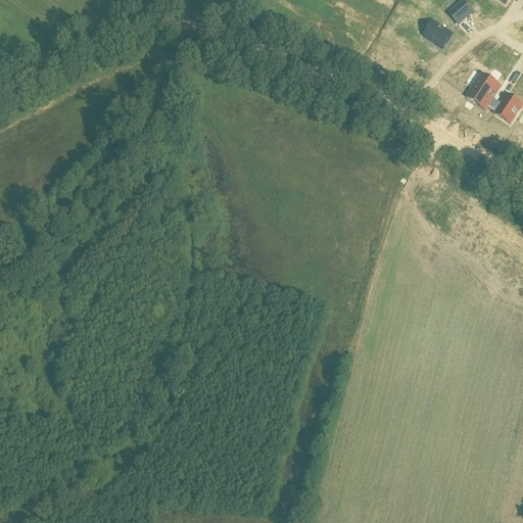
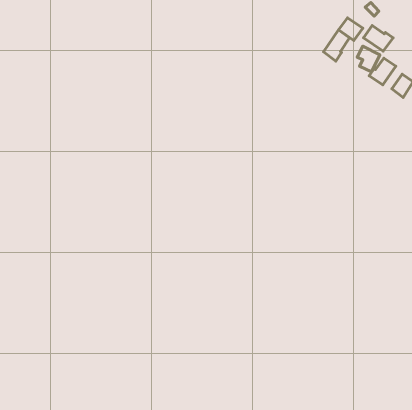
building: none -> [363,26,393,51]
building: none -> [323,30,350,61]

